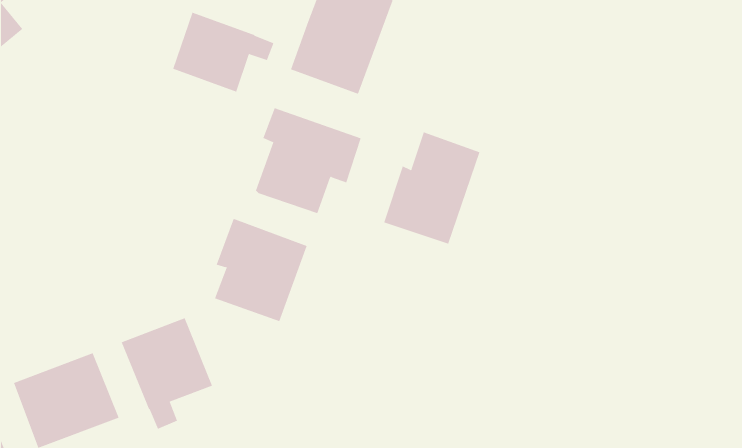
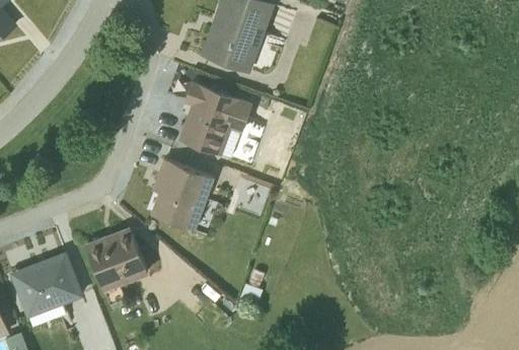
building: [172,12,274,93] -> none
building: [383,132,480,245] -> none

